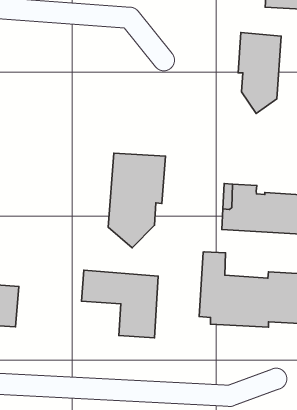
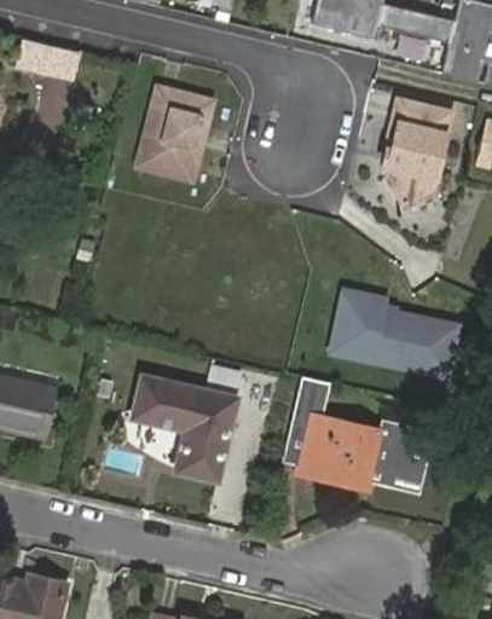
building: none -> [139,91,214,181]
building: [108,153,165,248] -> none

